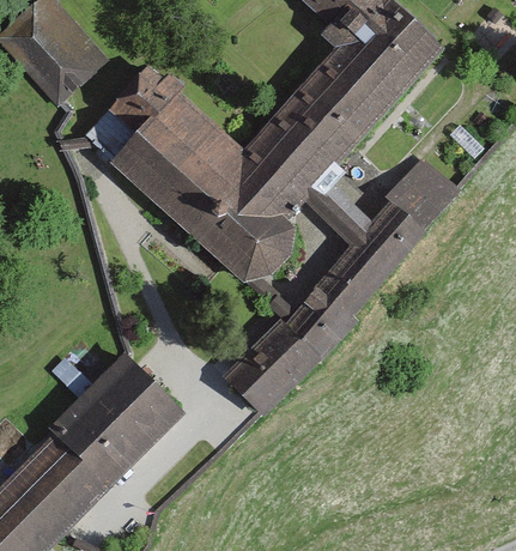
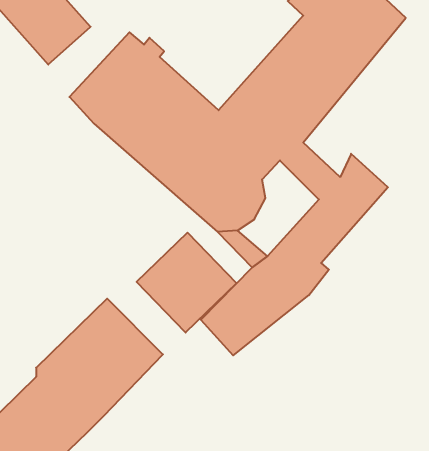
building: [386,157,459,232] -> none
building: none -> [137,233,237,333]

